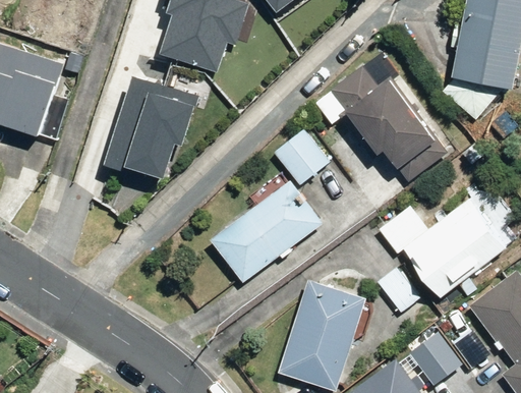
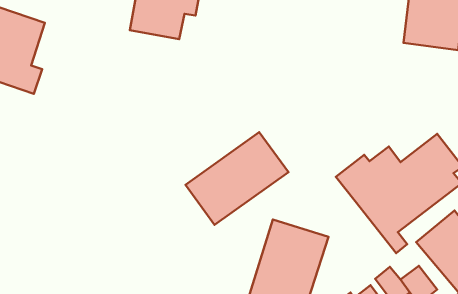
building: [315,48,459,185] -> none
building: [88,92,181,188] -> none
building: [275,127,332,185] -> none

